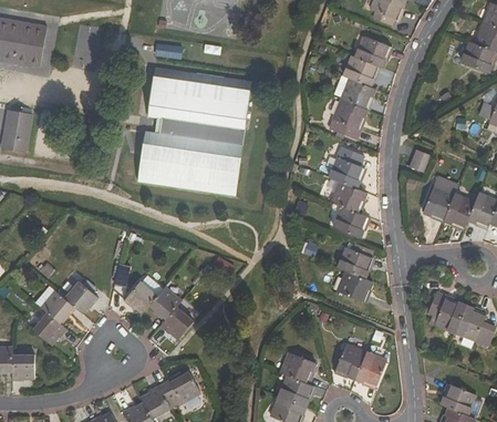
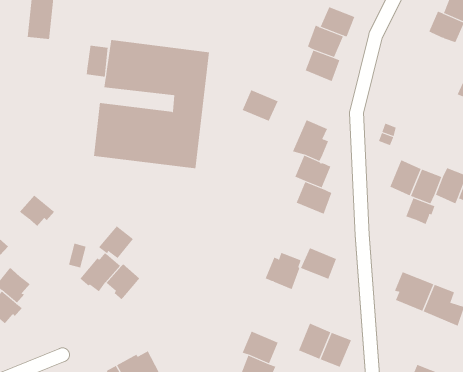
building: none -> [86,45,108,78]
building: [332,99,367,130] -> [242,90,278,122]
building: none -> [405,197,435,225]
building: [338,241,373,278] -> [265,252,301,290]
building: [65,281,100,312] -> [19,195,55,227]
building: [159,306,194,338] -> [98,226,134,259]

